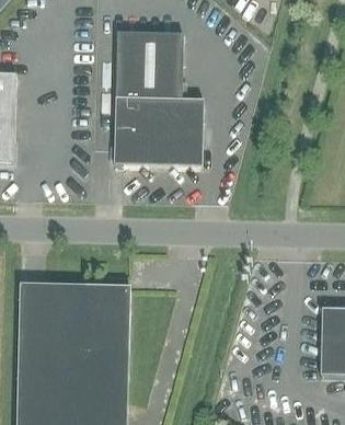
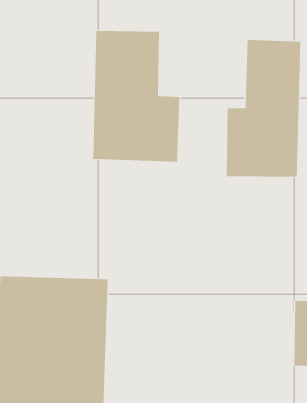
building: none -> [226,39,301,178]

